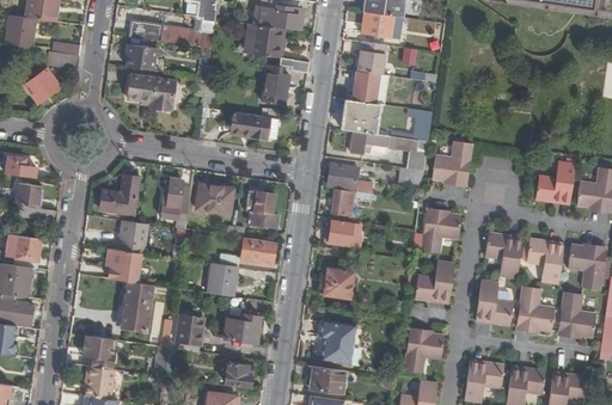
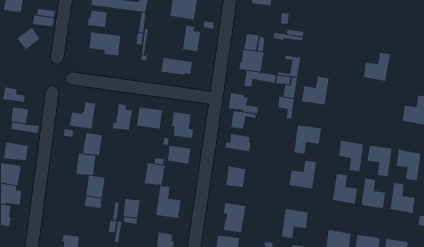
building: [357,42,386,74] -> none
building: [537,160,576,202] -> [363,52,391,81]
building: [84,335,115,368] -> none

